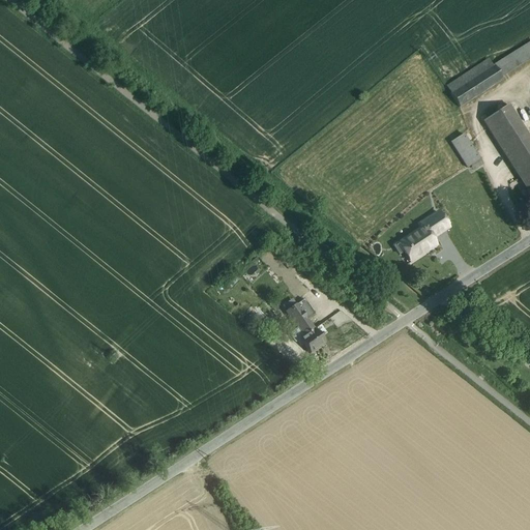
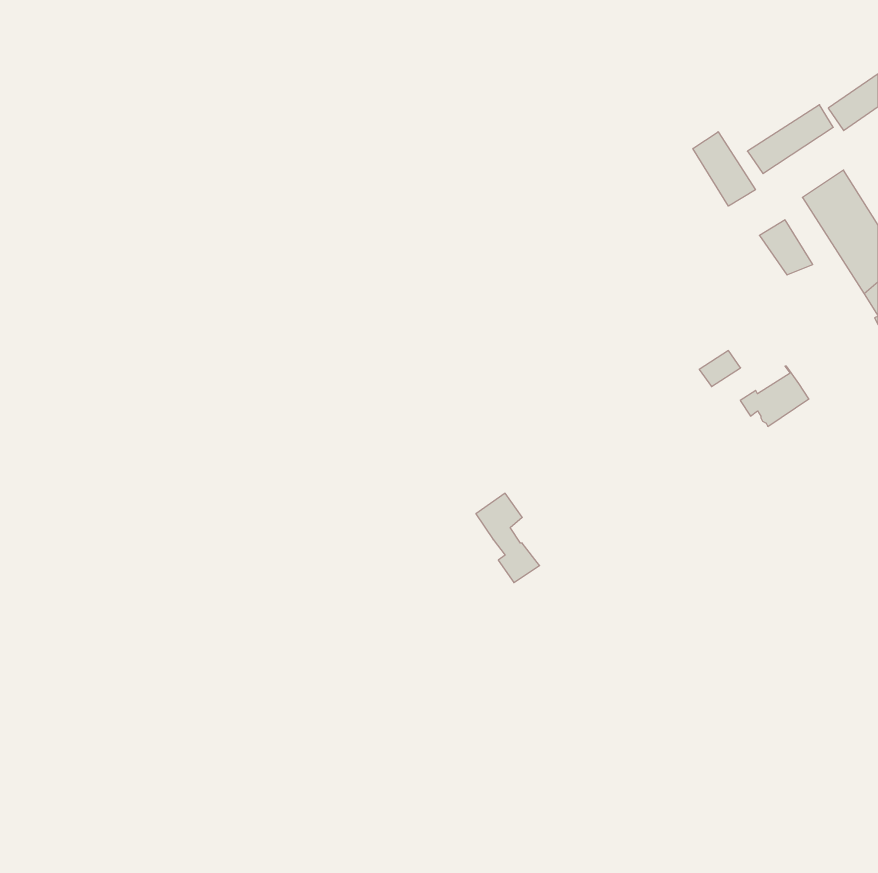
building: none -> [693,132,755,206]
building: [393,223,435,259] -> [740,366,809,426]

